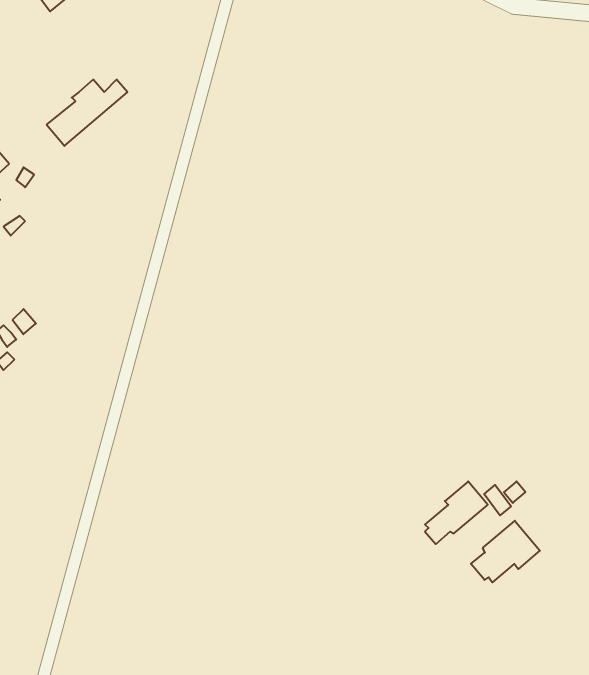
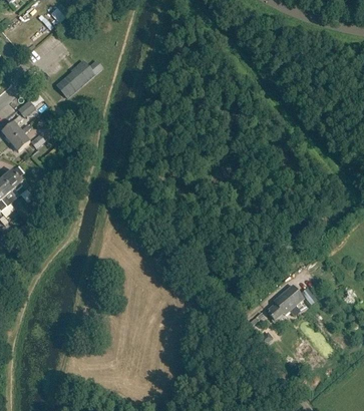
building: [471,521,540,582] -> none

